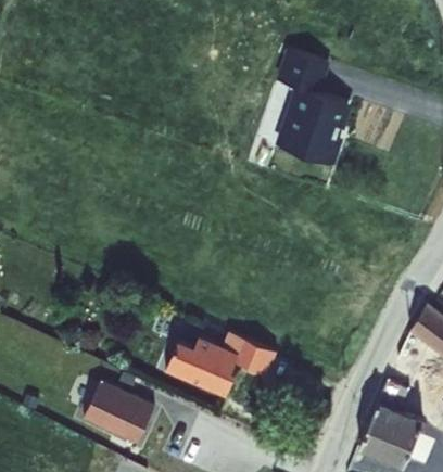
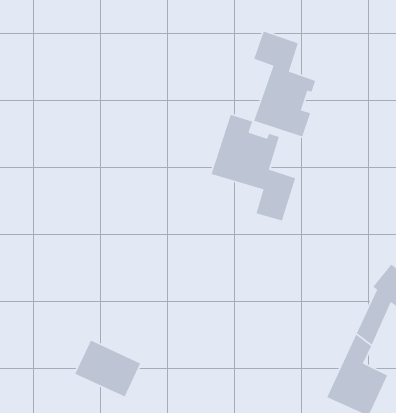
building: none -> [210,114,296,222]
building: [167,334,278,398] -> none

